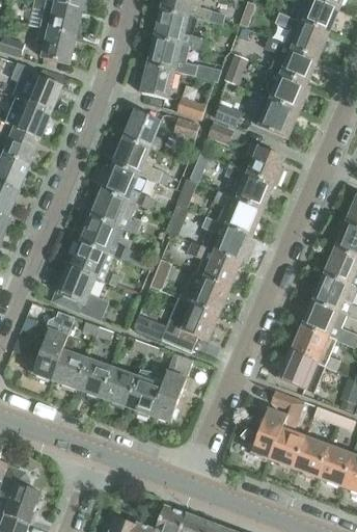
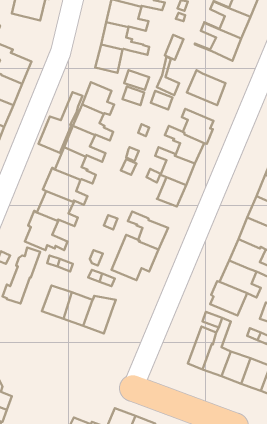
building: [37,27,74,63] -> none
building: [256,64,306,111] -> none
building: none -> [39,92,82,153]
building: [191,241,239,287] -> none
building: [50,347,87,388] -> none
building: [150,351,192,421] -> none

